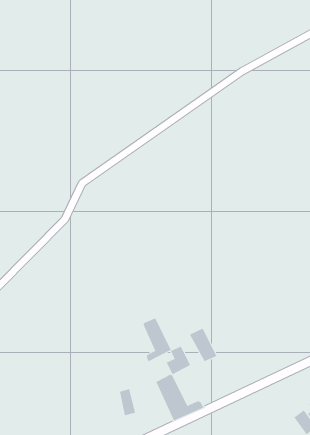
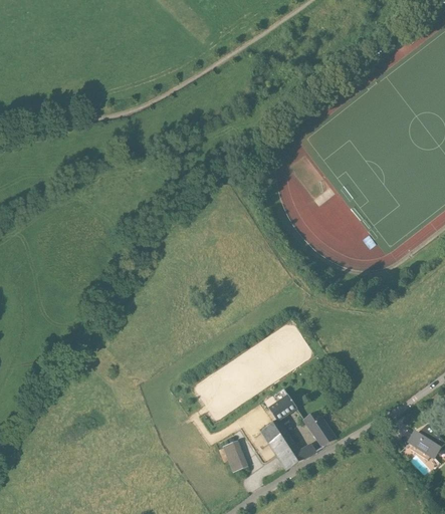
building: [143,317,171,362] -> none
building: [189,328,217,362] -> [302,410,336,446]

